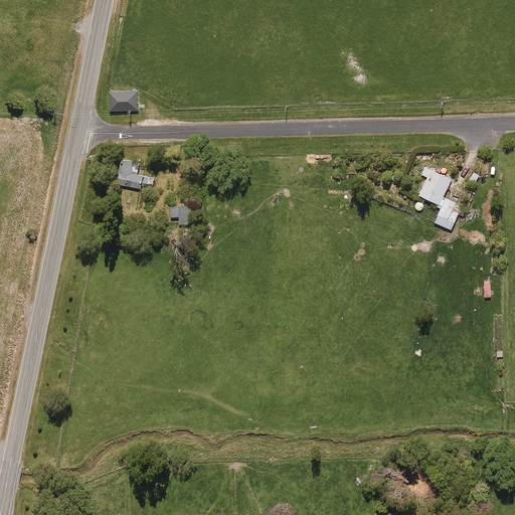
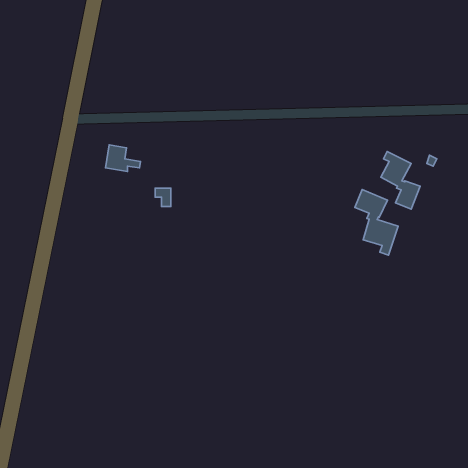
building: [108,92,137,111] -> none
building: none -> [355,189,398,255]

